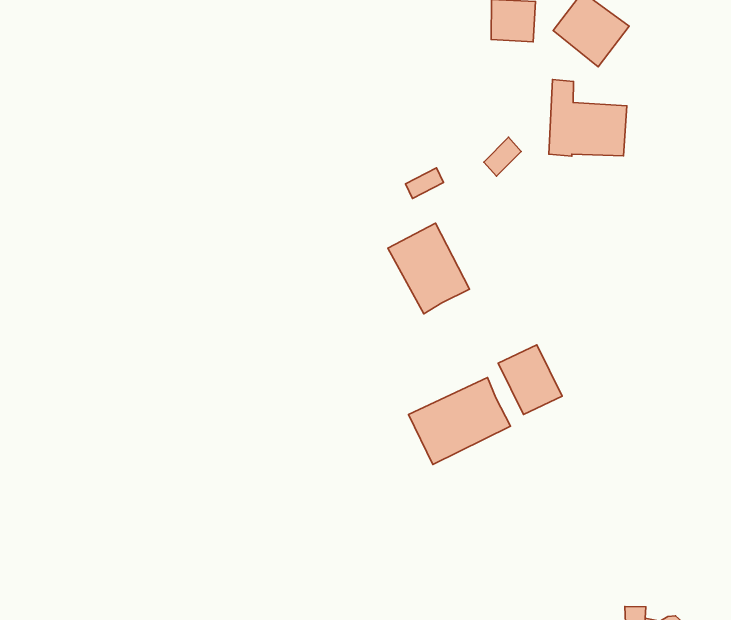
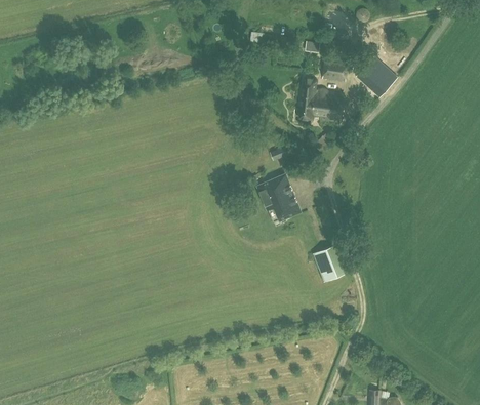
building: [549,79,627,156] -> [299,77,344,121]
building: [408,377,511,465] -> none

